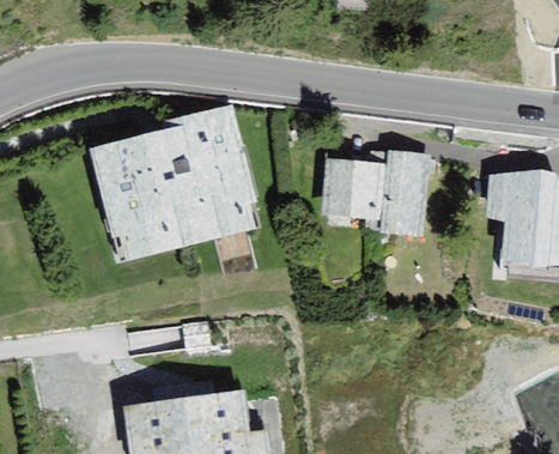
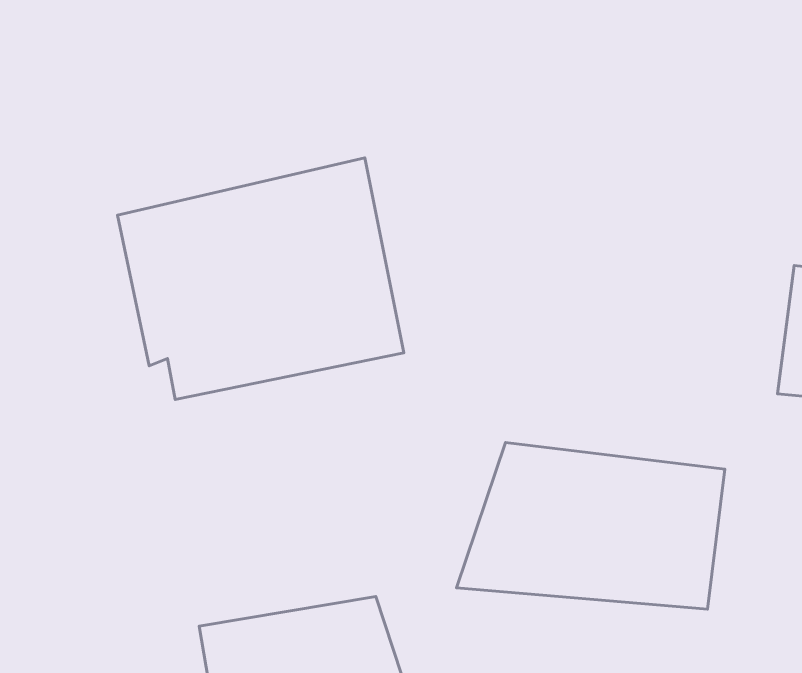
building: [316,153,446,241] -> none
building: none -> [457,443,725,609]

